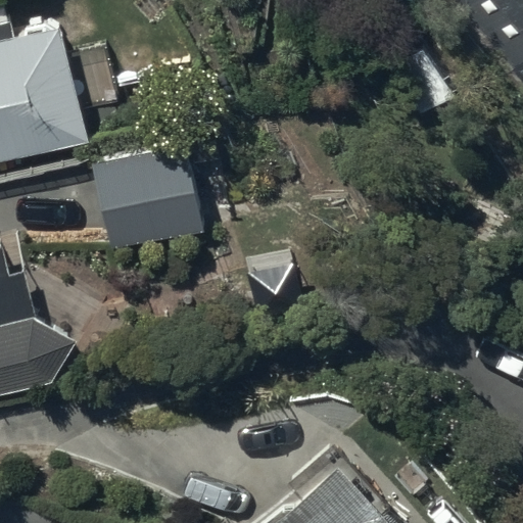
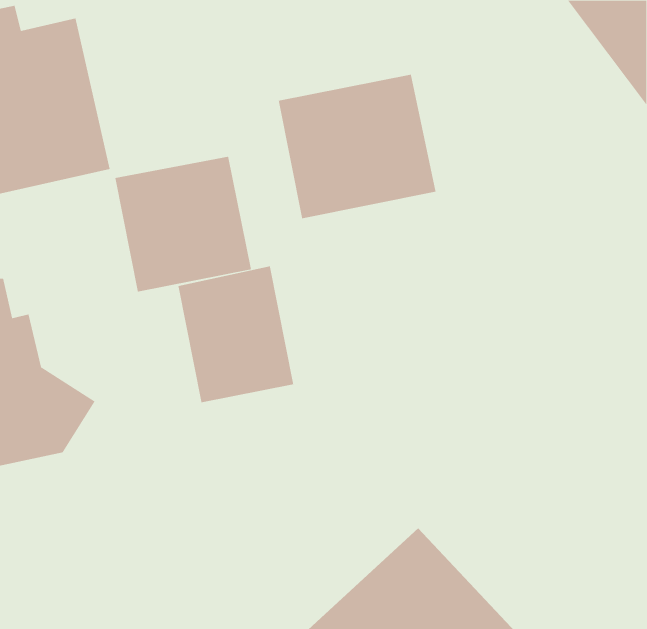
building: none -> [278,74,436,219]
building: none -> [178,266,294,403]

